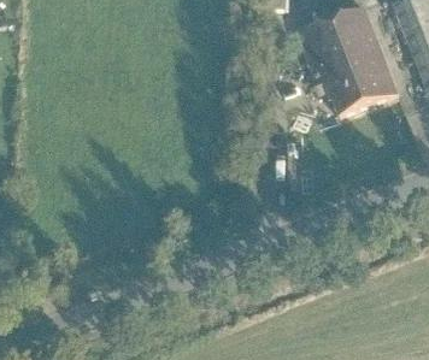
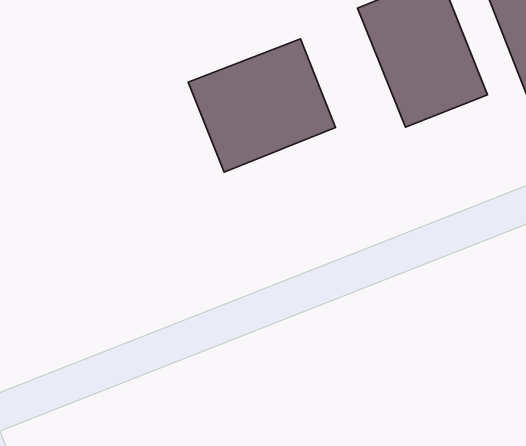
building: none -> [188,39,335,172]

